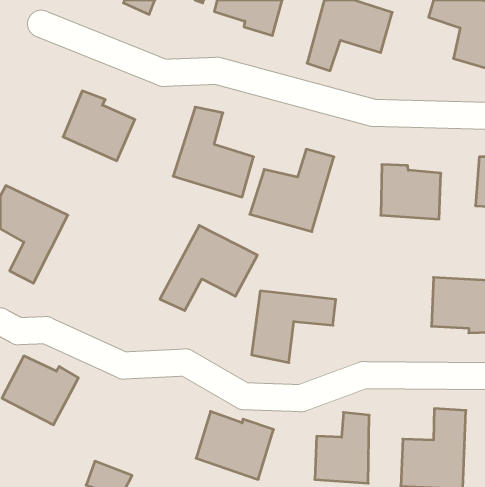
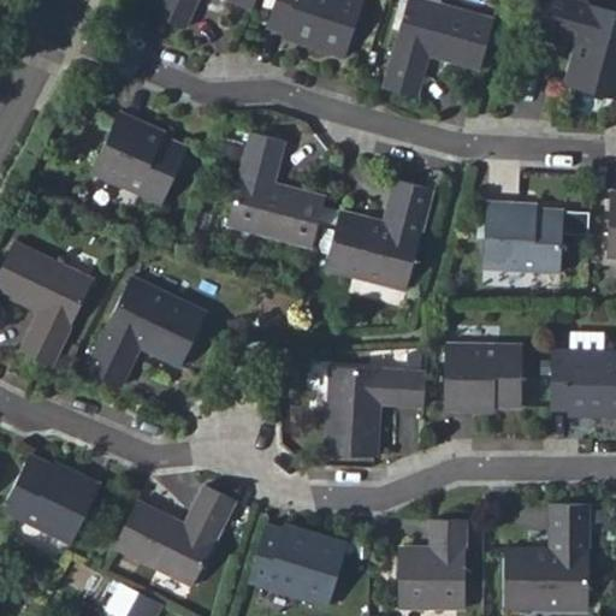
building: [160,225,257,311] -> [87,272,209,379]
building: none -> [442,350,522,417]
building: none -> [119,480,235,578]

